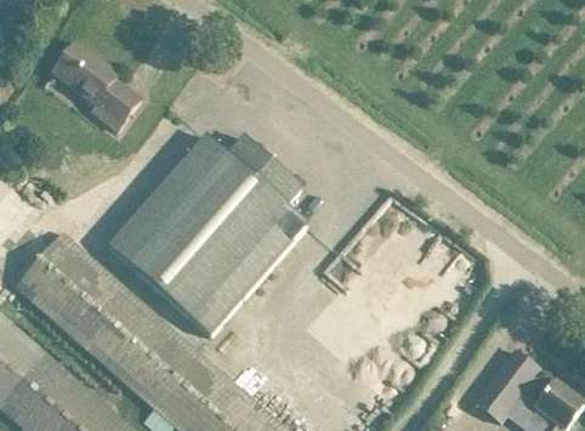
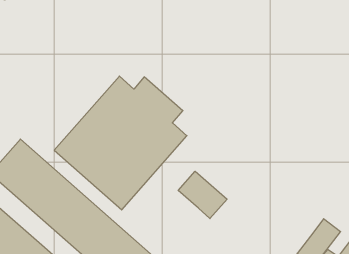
building: [52,42,140,132] -> none
building: none -> [178,171,227,219]

